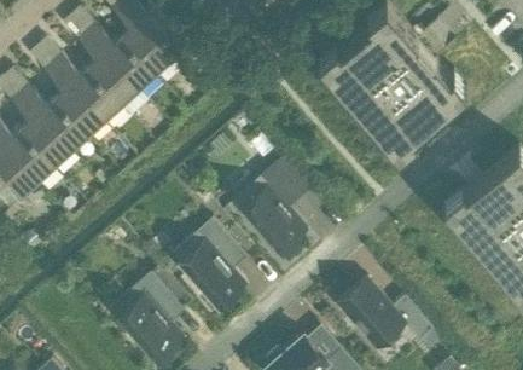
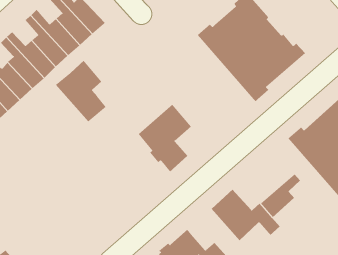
building: [173,220,244,307] -> [55,60,107,122]
building: none -> [260,174,301,218]
building: [111,274,182,362] -> none

